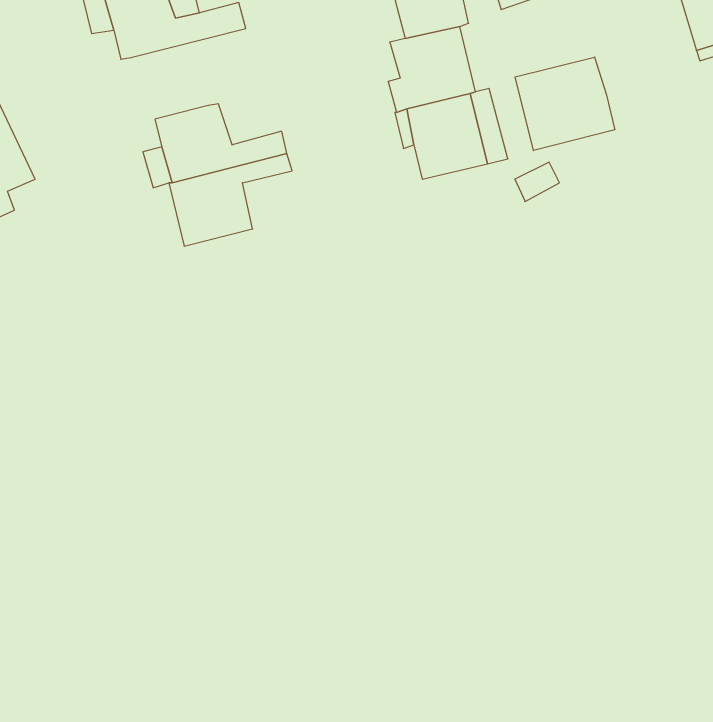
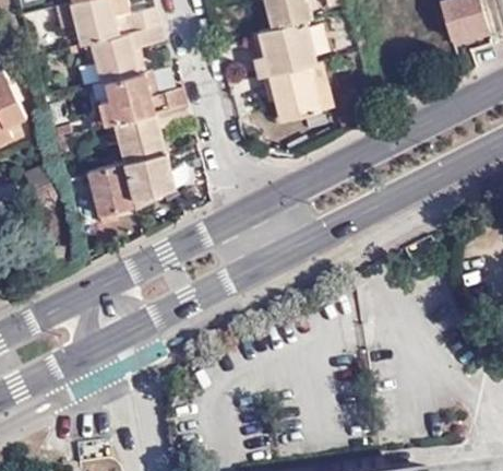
building: none -> [89,23,167,81]
building: [515,57,615,151] -> none
building: none -> [87,151,188,222]

